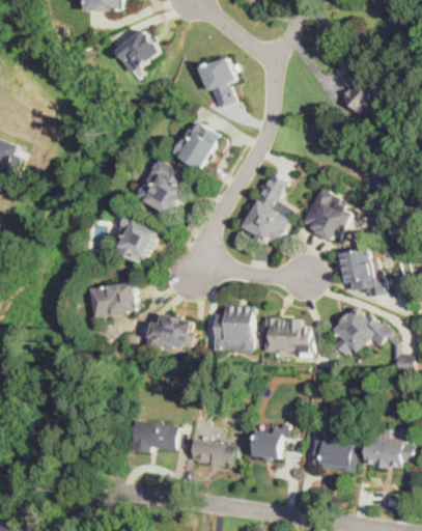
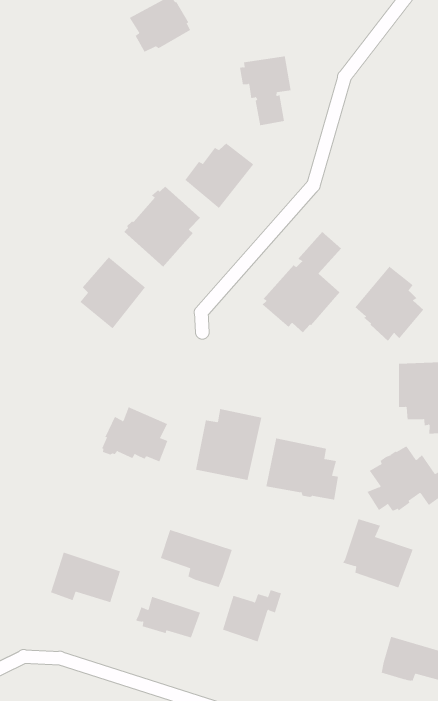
building: [92,283,136,317] -> none
building: none -> [160,529,232,588]
building: [309,431,356,474] -> [342,518,413,588]

